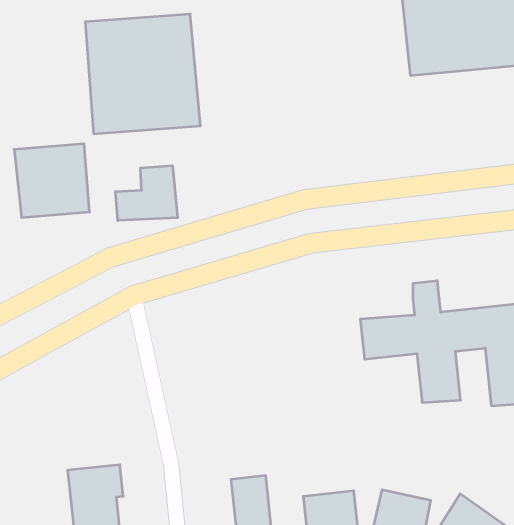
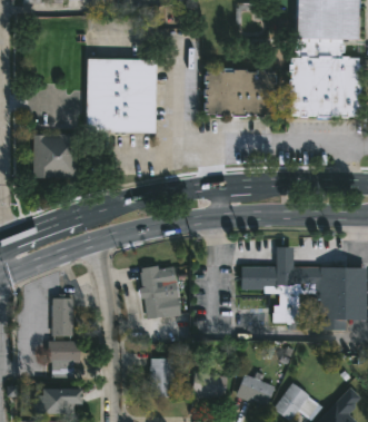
building: none -> [203,70,275,112]
building: [115,166,177,221] -> none
building: none -> [140,264,181,318]
building: none -> [52,296,74,336]

